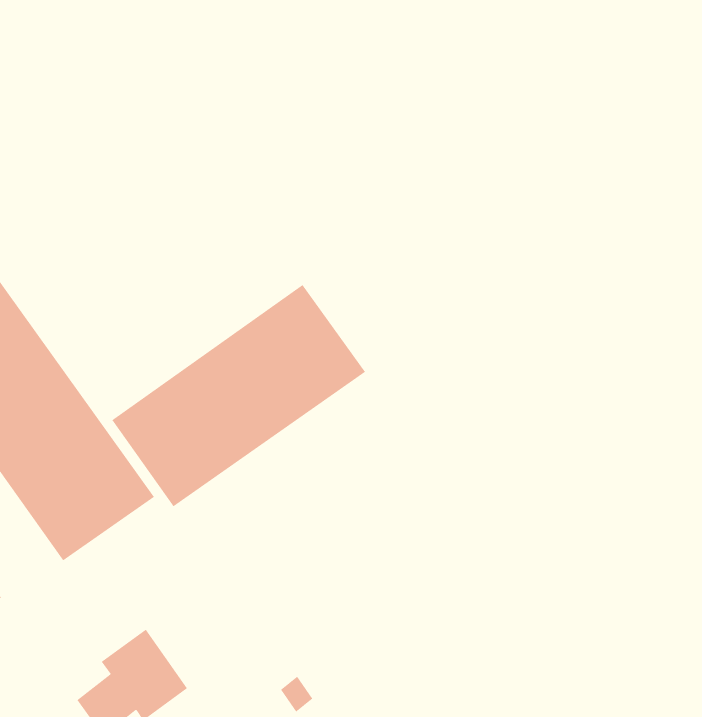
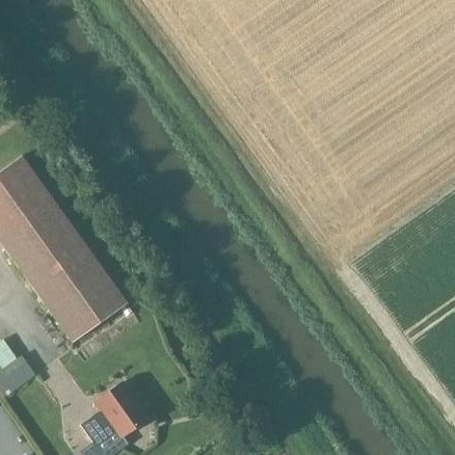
building: [111,284,366,507] -> none

